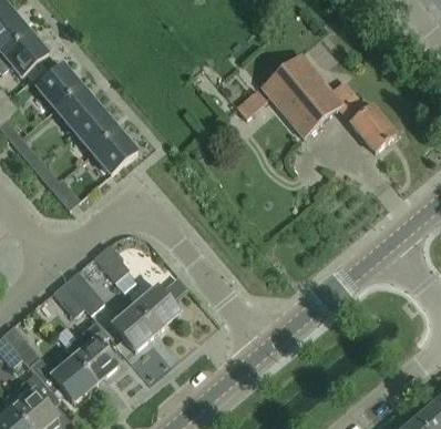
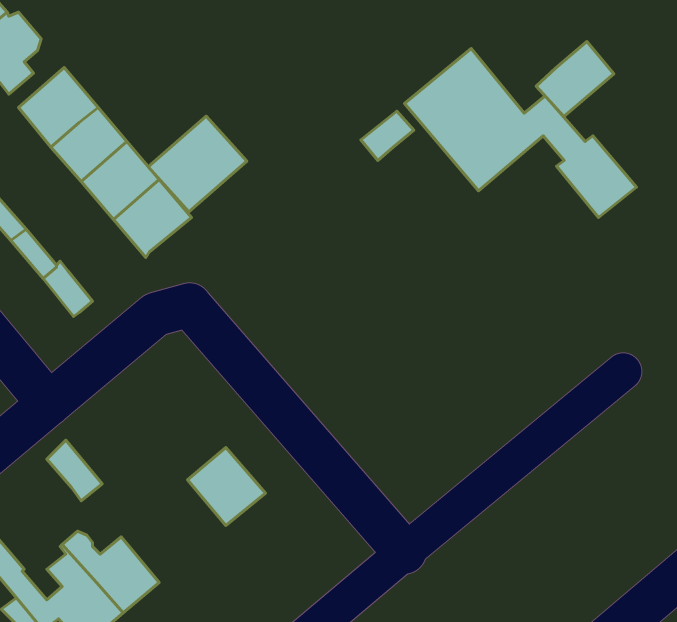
building: none -> [536,42,614,116]
building: none -> [148,116,247,212]
building: [94,244,135,290] -> none
building: [64,269,104,314] -> none
building: [113,304,157,350] -> none

